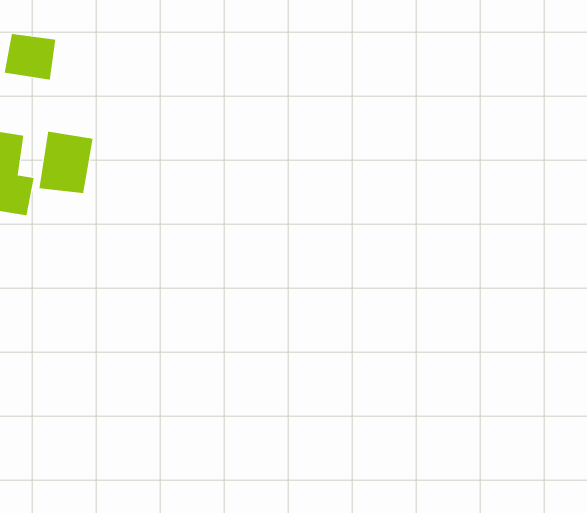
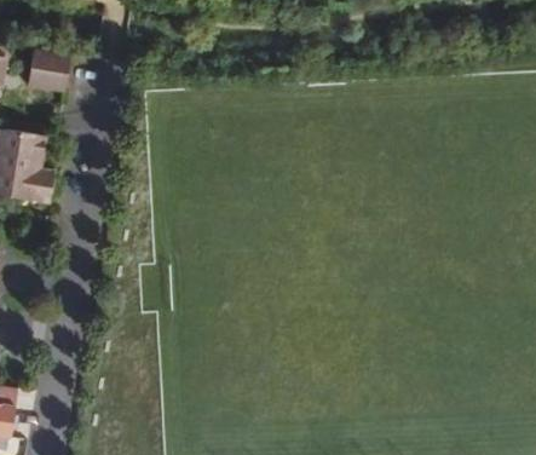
building: [39,131,93,194] -> none

